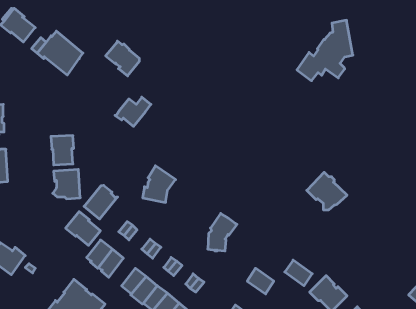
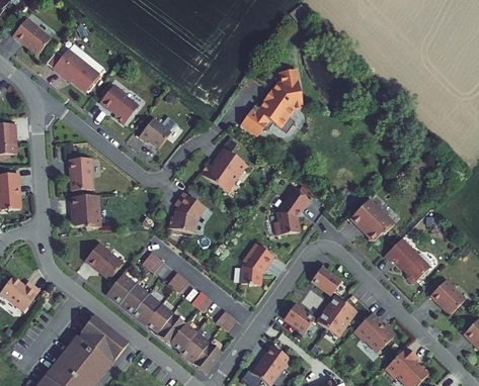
building: [297,20,353,81] -> [241,69,303,135]
building: [106,41,139,76] -> [99,85,137,123]
building: none -> [201,148,246,191]
building: none -> [274,188,310,235]
building: [84,185,118,219] -> none
building: none -> [384,237,431,281]
building: none -> [311,267,340,294]
building: none -> [429,279,465,314]
building: none -> [132,293,161,323]
building: none -> [317,308,347,335]

